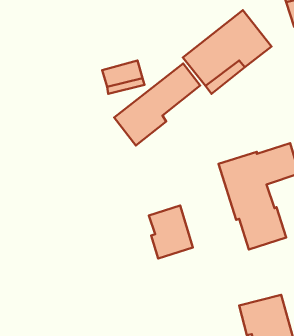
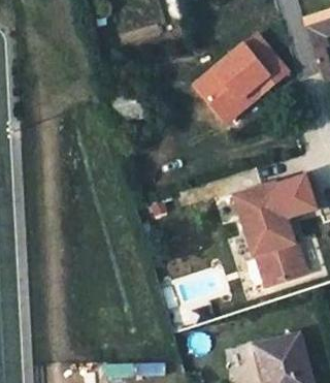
building: [114,63,200,145] -> none
building: [149,206,193,258] -> none

